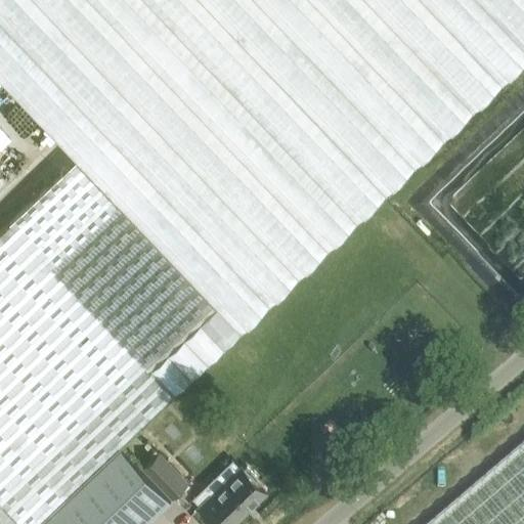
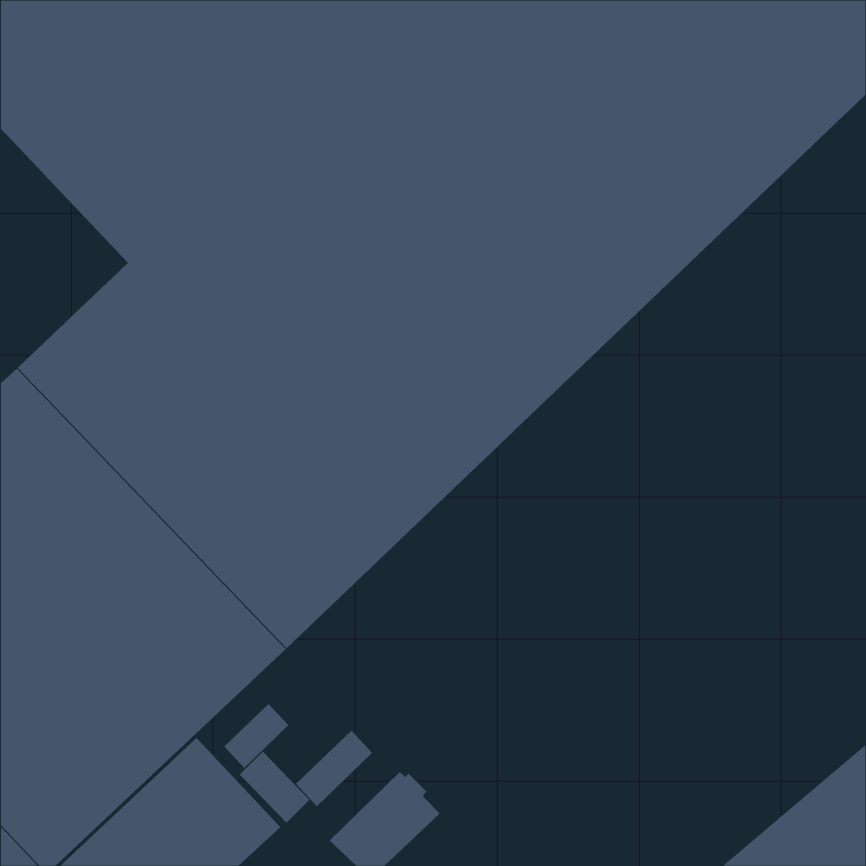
building: none -> [223,703,289,769]
building: none -> [295,730,373,807]

